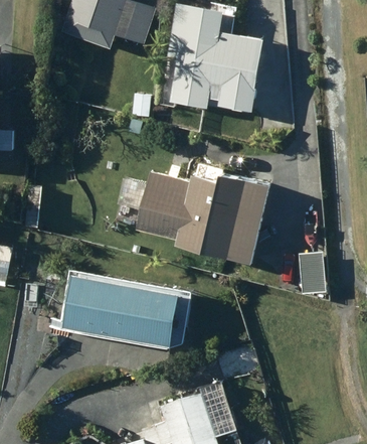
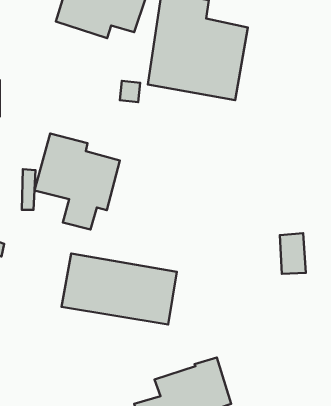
building: none -> [35,134,120,230]
building: [136,172,274,264] -> none

